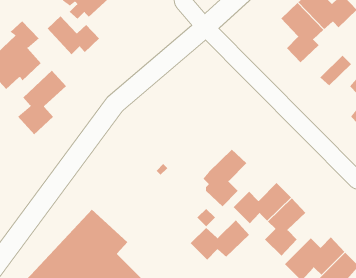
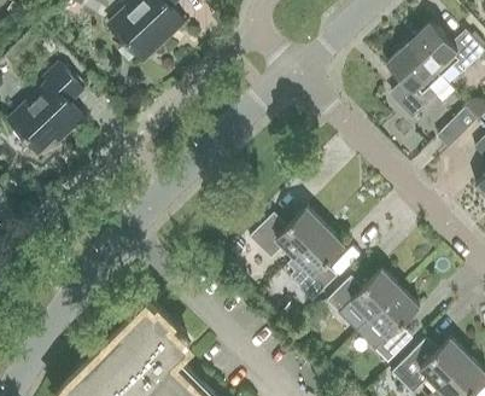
building: [47,16,100,55] -> none
building: [17,70,67,135] -> none
building: [190,219,250,260] -> [249,208,325,260]

